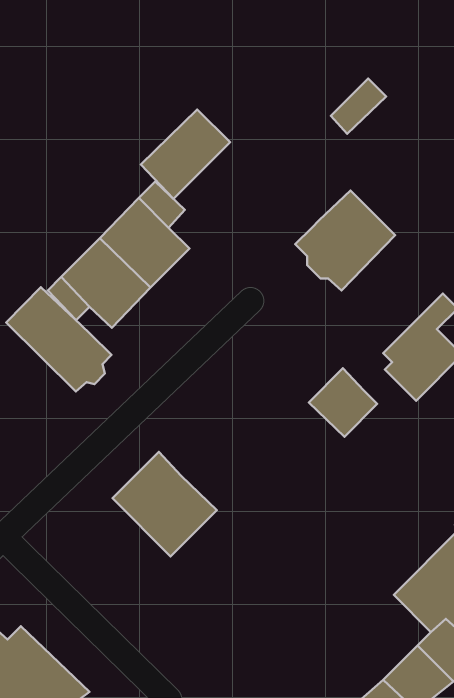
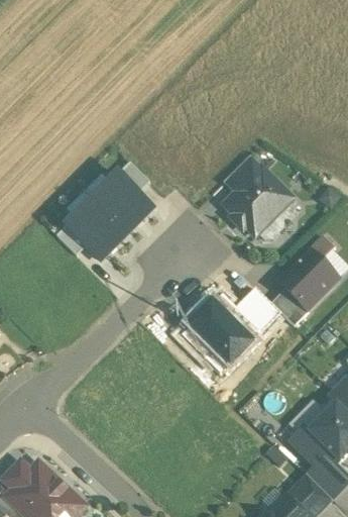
building: [331,79,386,134] -> [225,156,262,193]
building: [141,109,230,199] -> none
building: [6,287,112,391] -> none
building: none -> [271,289,309,326]
building: [112,452,217,556] -> [188,295,258,366]

